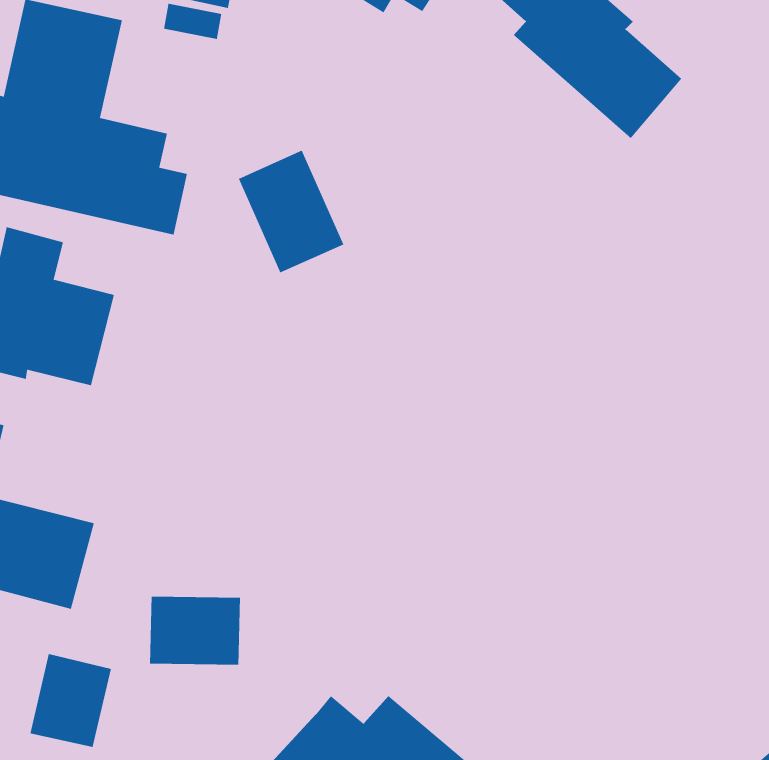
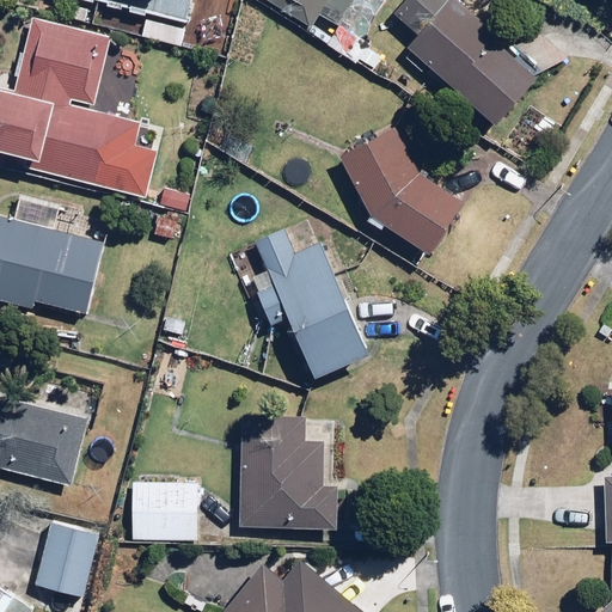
building: none -> [338,128,466,257]
building: [238,150,344,274] -> none
building: none -> [249,226,372,397]
building: none -> [237,412,336,530]

